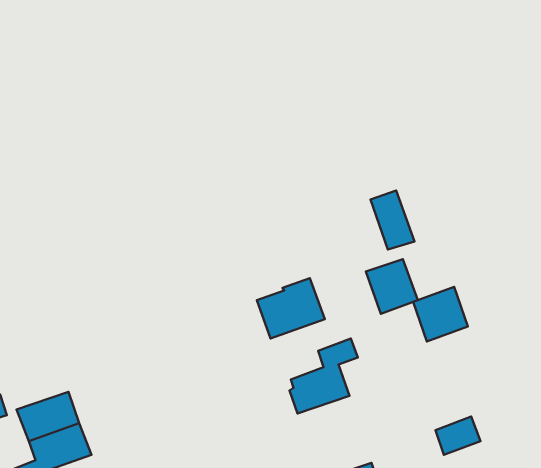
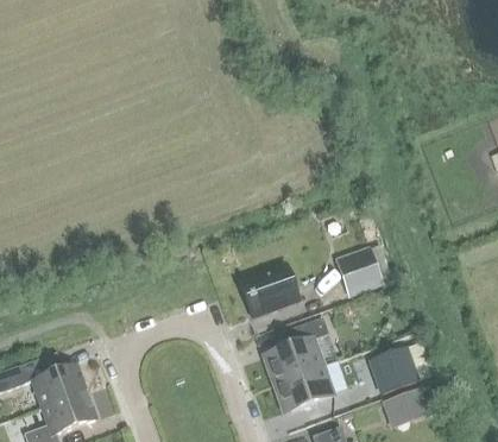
building: [370,190,415,249] -> none
building: [413,287,468,342] -> [371,346,418,393]
building: none -> [276,367,330,410]

